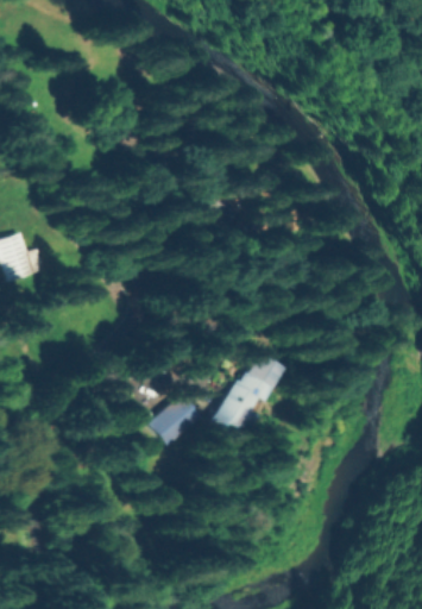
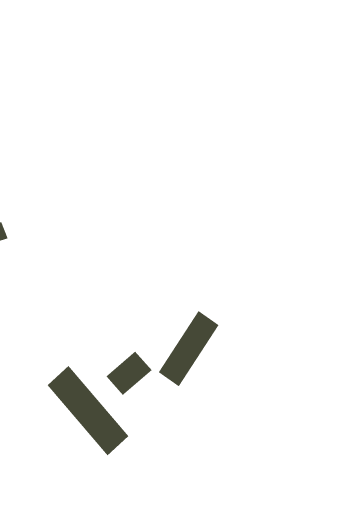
building: none -> [47,365,129,456]

